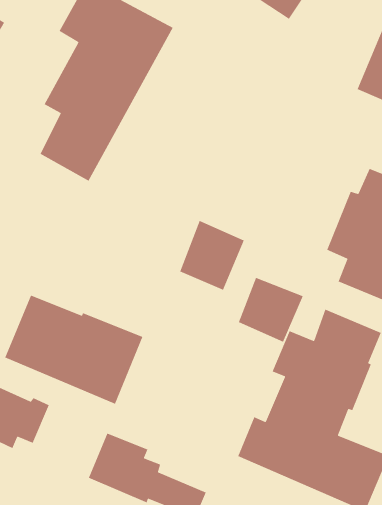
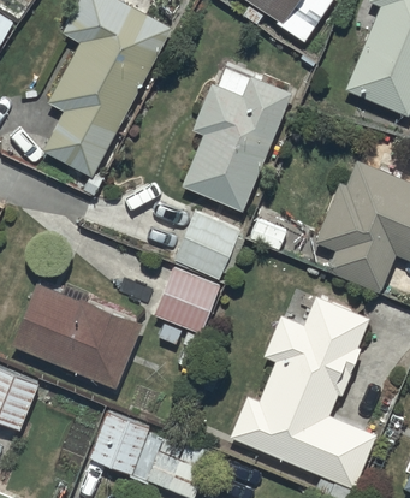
building: none -> [184,69,290,209]
building: [238,277,304,343] -> [156,269,219,332]

